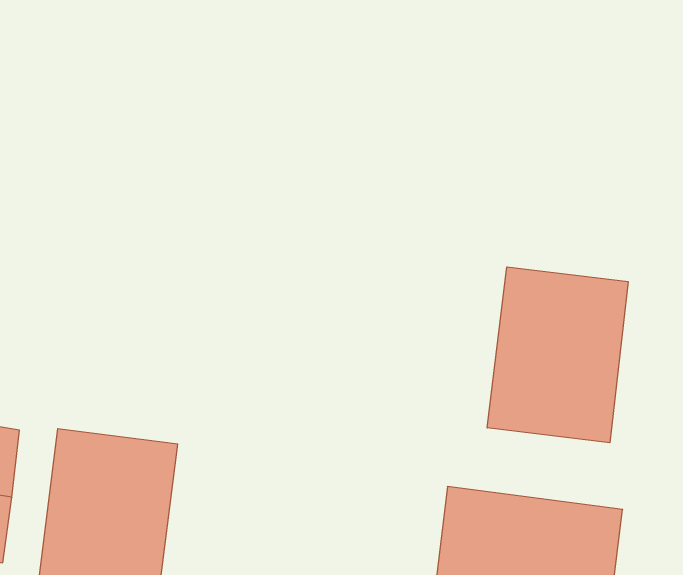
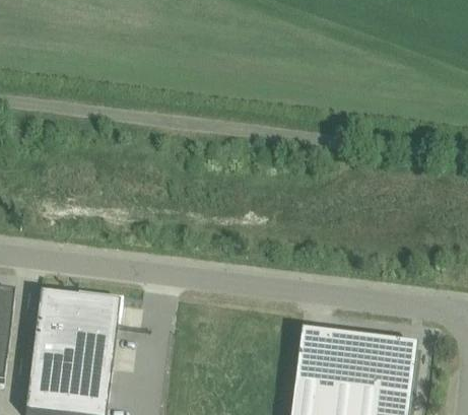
building: [487,267,628,443] -> none

